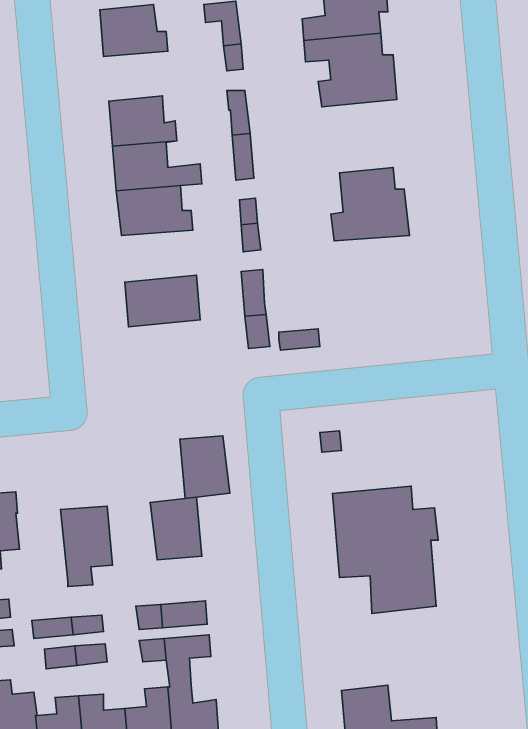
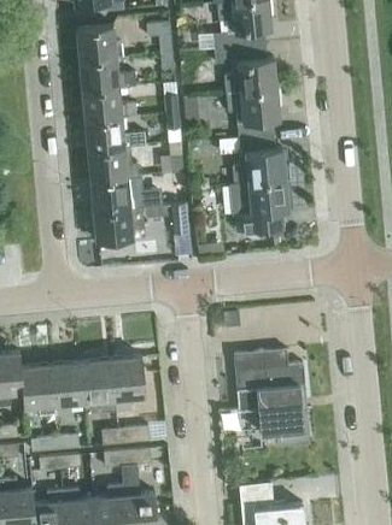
building: none -> [80,57,136,90]
building: none -> [227,89,280,138]
building: none -> [92,177,162,212]
building: none -> [235,181,288,229]
building: [180,436,230,498] -> [82,360,116,402]
building: none -> [21,365,55,414]

